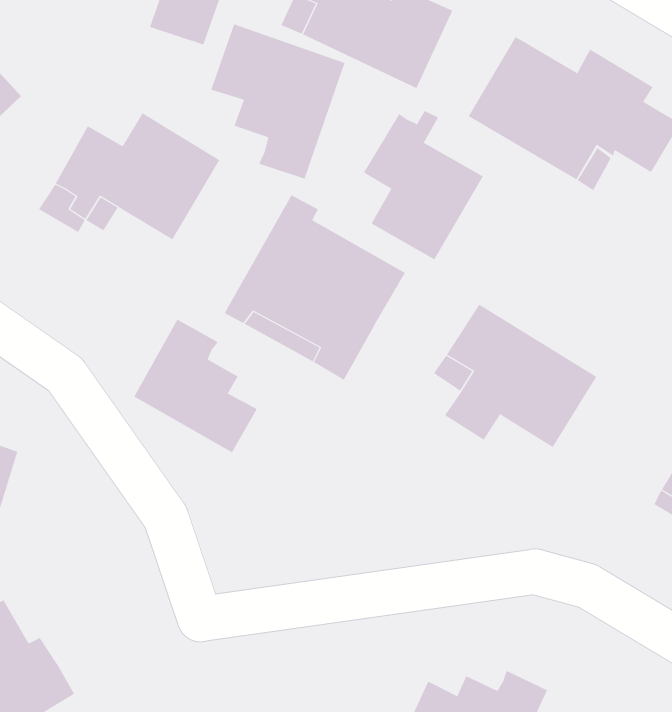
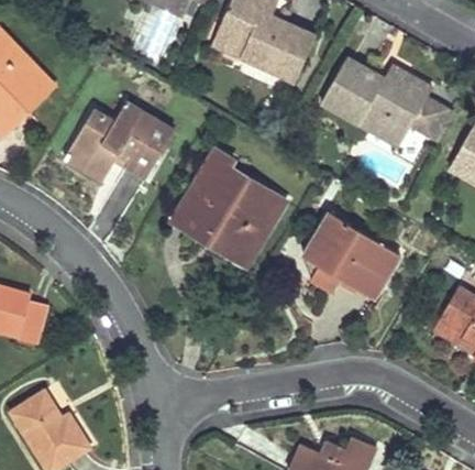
building: [210,23,345,180] -> none
building: [363,110,483,260] -> none
building: [133,319,258,453] -> none

